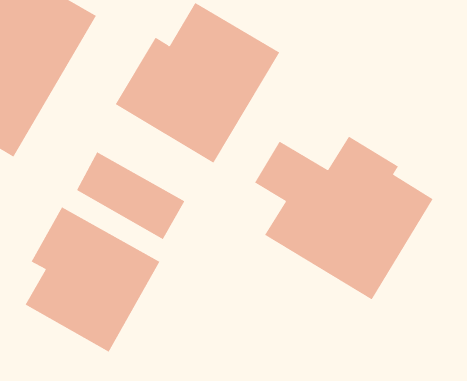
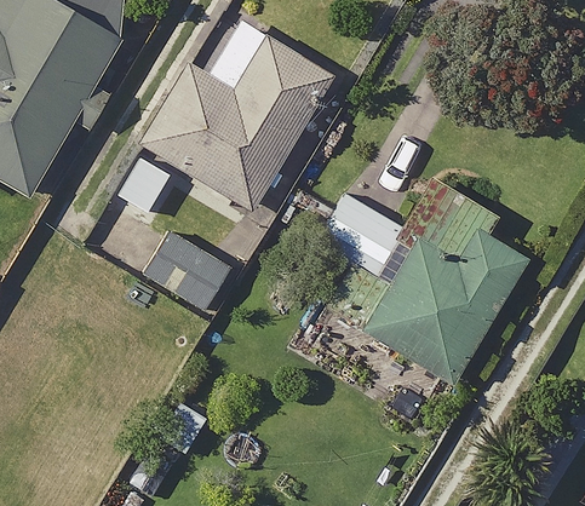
building: [25,206,160,353] -> none

